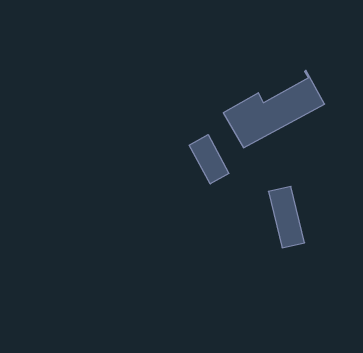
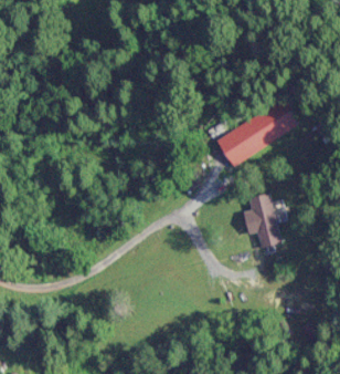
building: [189,135,229,184] -> none

